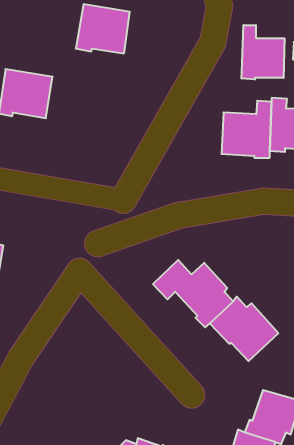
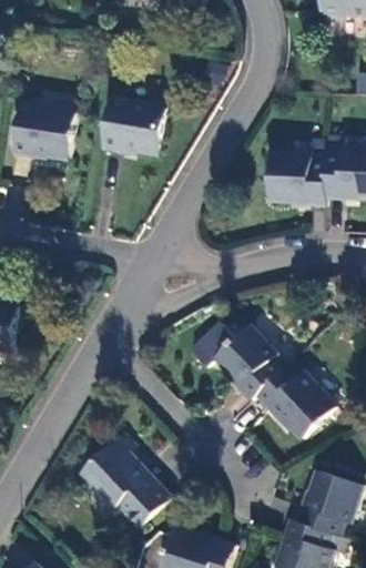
building: [76,4,130,53] -> [102,98,164,154]
building: [242,25,284,80] -> none
building: none -> [79,433,171,528]

